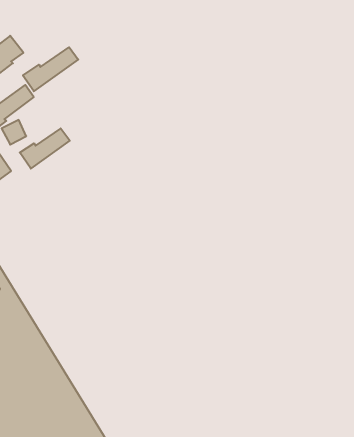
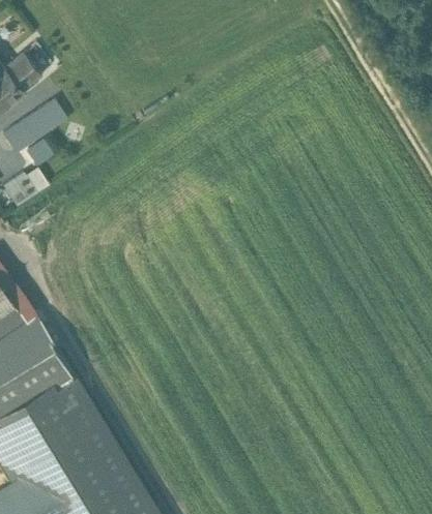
building: [23,47,78,91] -> none
building: [20,128,70,169] -> none

